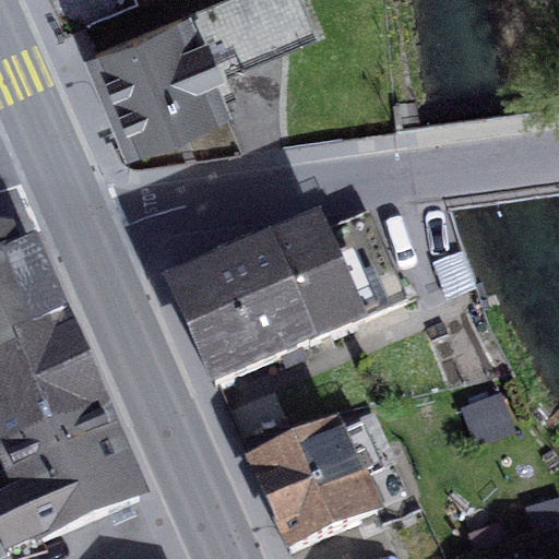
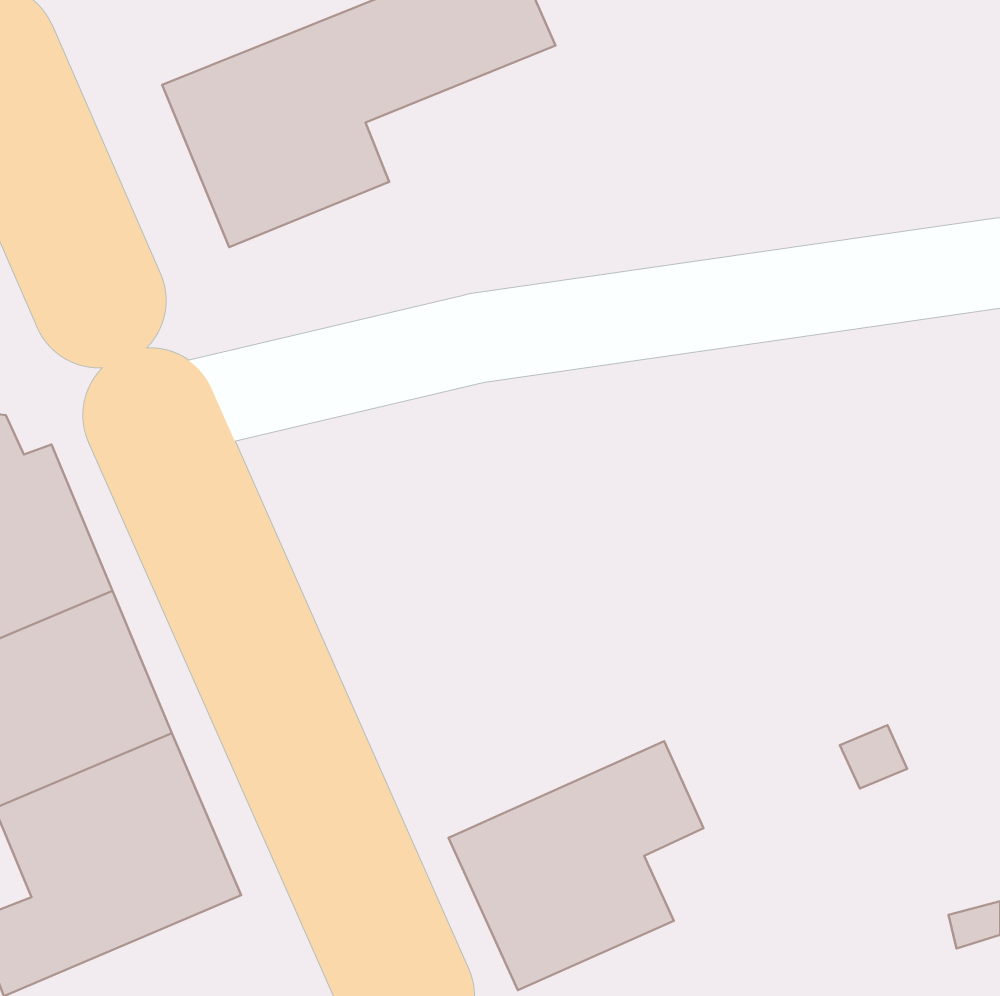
building: [170,214,404,382] -> none

